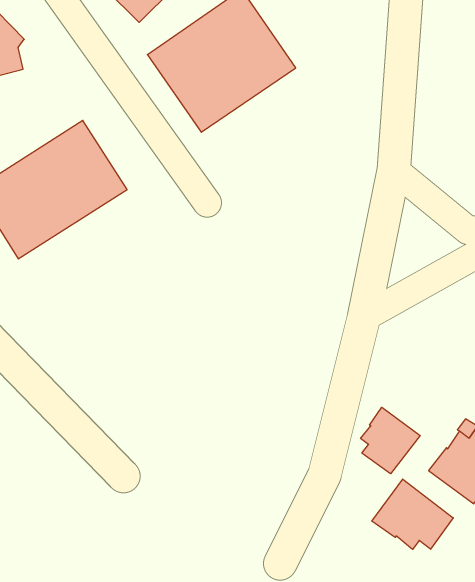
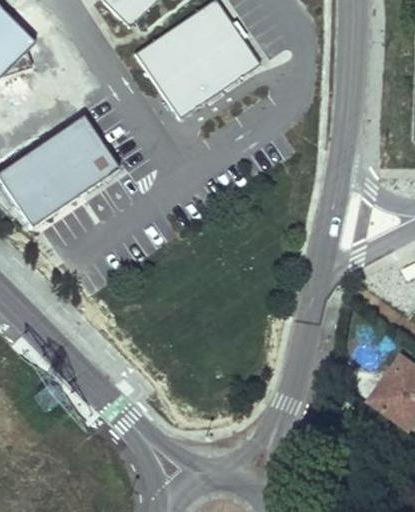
building: [361,407,420,474] -> none
building: [372,479,453,549] -> none

